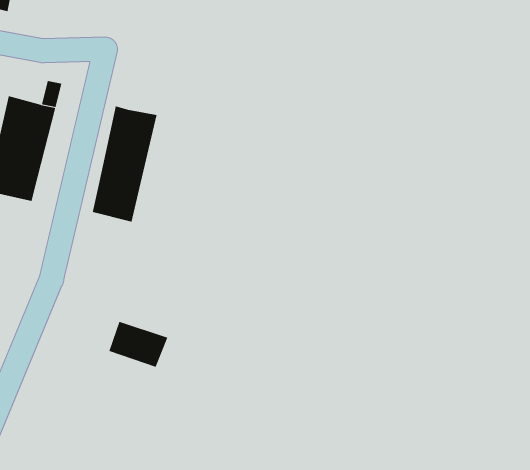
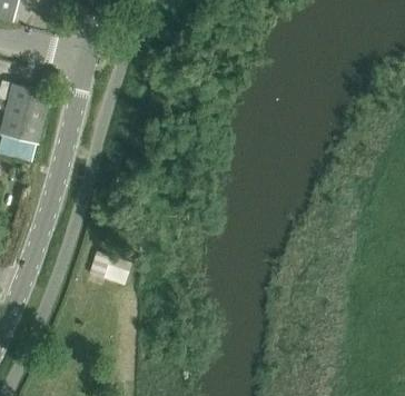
building: [92,106,157,222] -> none

